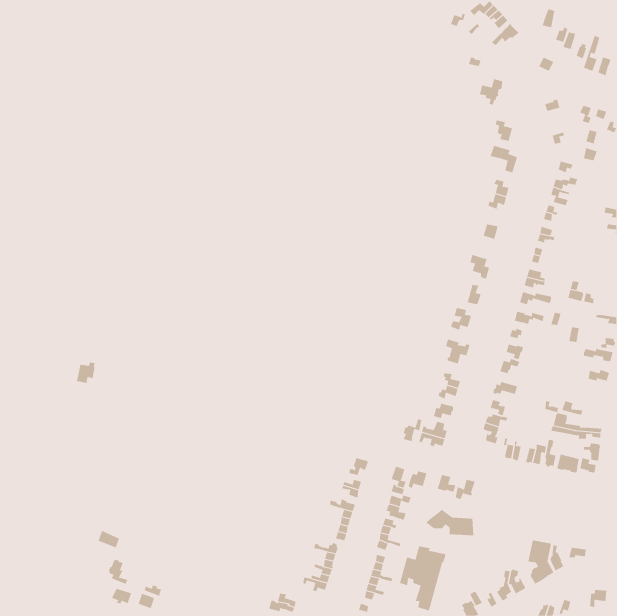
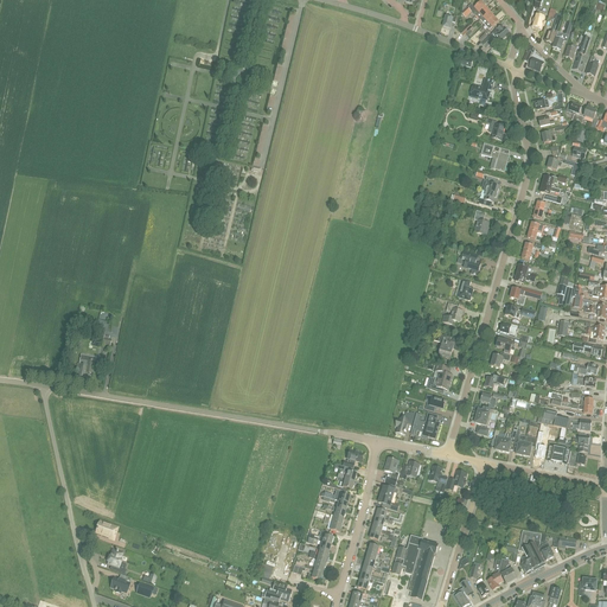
building: [425,509,474,536] -> none

